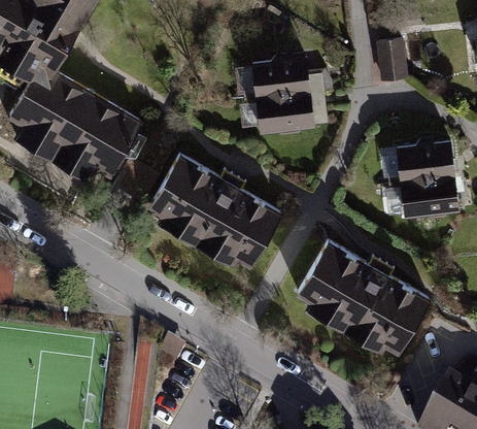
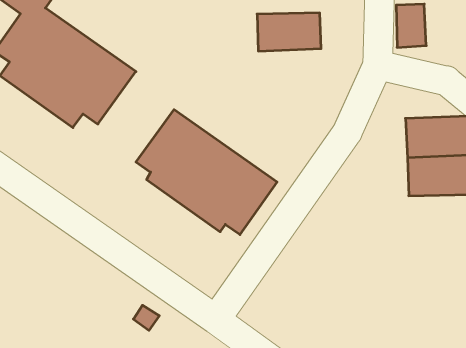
building: [253,87,315,129] -> none
building: [298,240,430,352] -> none

